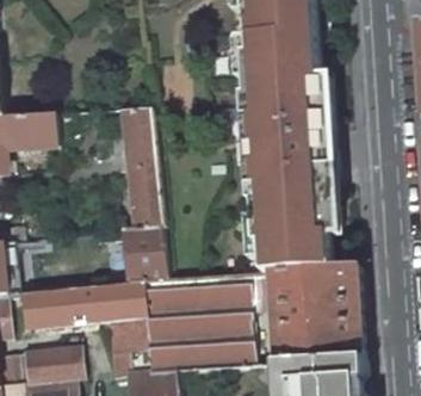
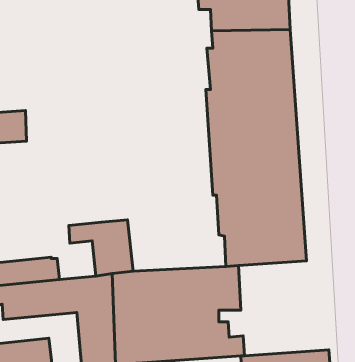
building: [119,111,161,230] -> none
building: [272,270,364,366] -> none

